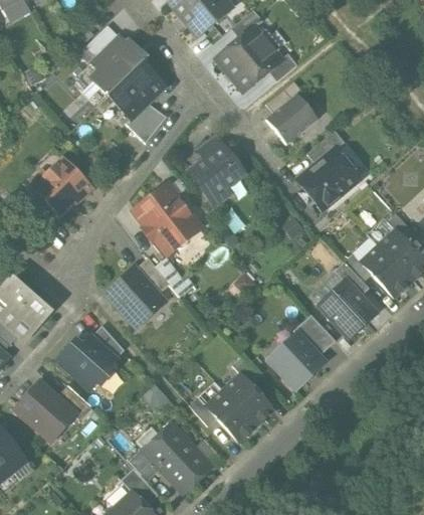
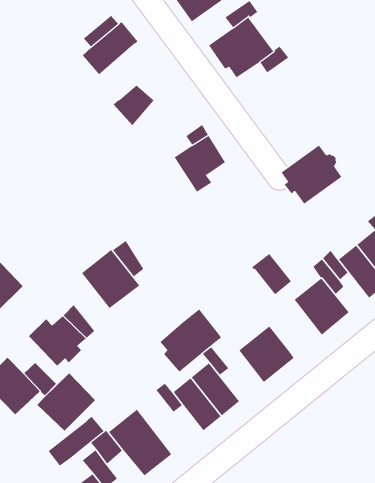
building: [110,63,165,119] -> none
building: [266,94,317,144] -> none
building: [306,131,345,164] -> none
building: [30,159,89,214] -> none
building: [135,186,196,252] -> none
building: [294,315,336,356] -> [251,253,292,295]
building: none -> [159,308,223,373]
building: none -> [37,372,96,431]
building: none -> [48,416,104,467]

